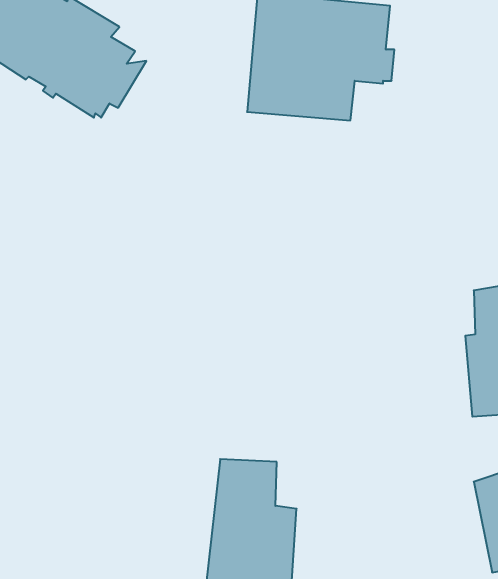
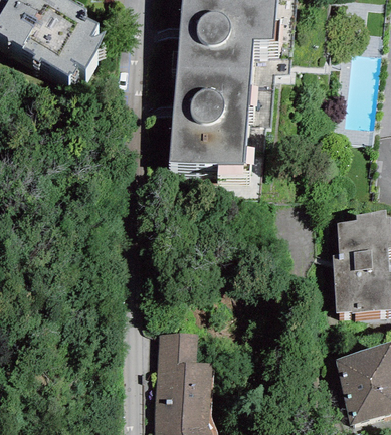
building: none -> [170,86,251,194]

